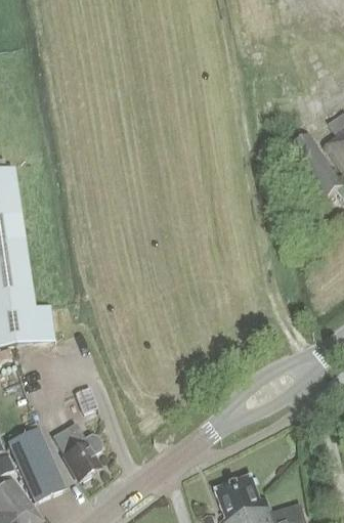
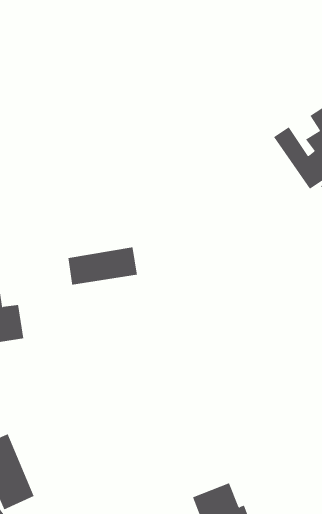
building: none -> [68,246,138,285]
building: [53,422,101,479] -> none

